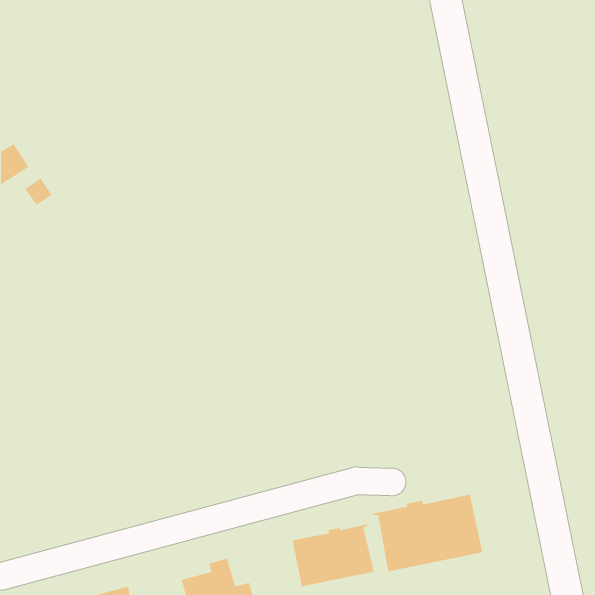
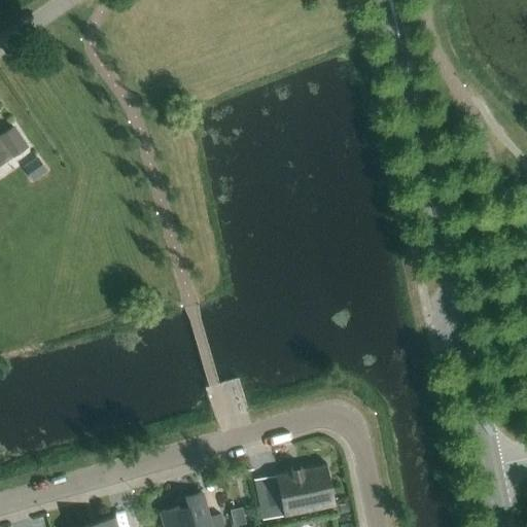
building: [372,494,483,572] -> none

